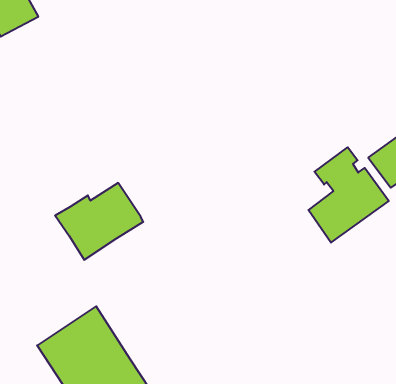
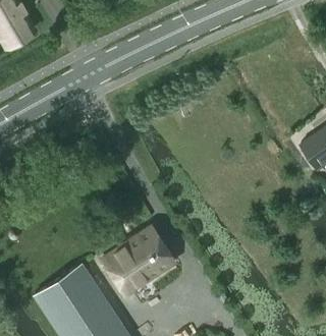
building: [308,147,389,243] -> none
building: [55,183,143,260] -> [102,232,173,294]

